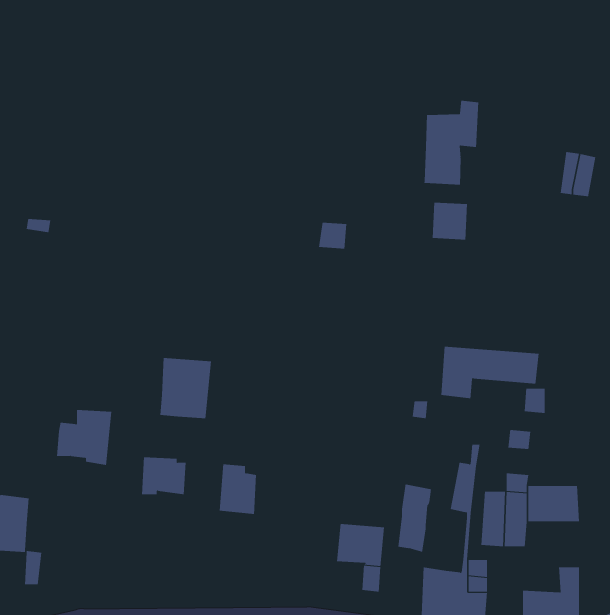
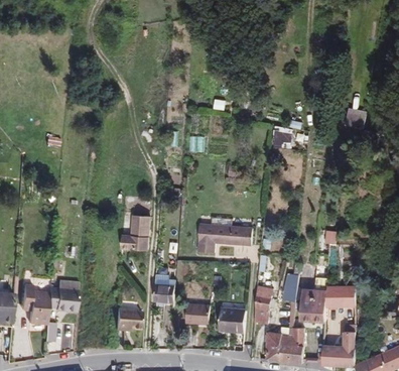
building: [424,100,479,185] -> none
building: [440,346,540,399] -> [197,222,253,251]
building: [56,410,112,465] -> [47,279,79,311]
building: [141,457,186,495] -> [116,306,141,328]
building: none -> [186,301,211,323]

